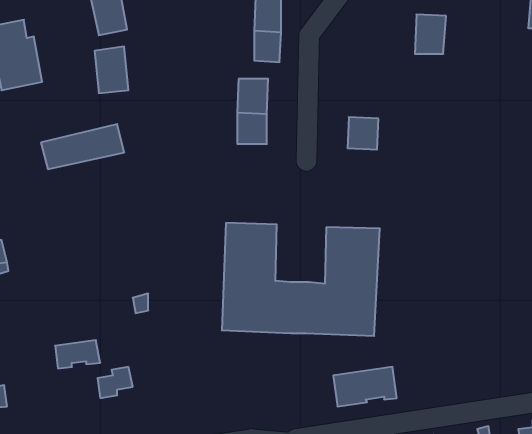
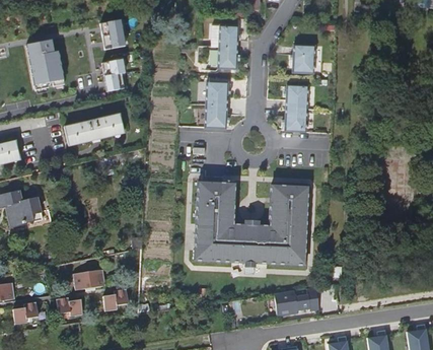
building: [415,14,446,54] -> [292,44,314,72]
building: none -> [285,83,307,109]
building: none -> [58,295,84,314]

